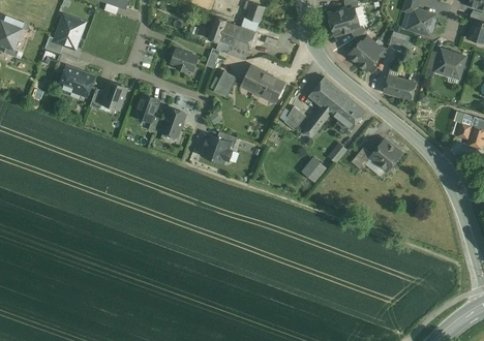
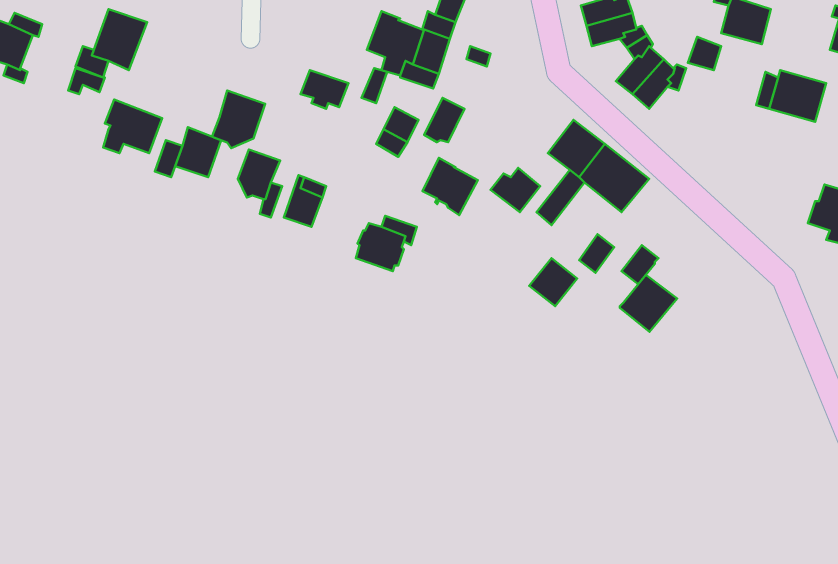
building: none -> [212,90,265,148]
building: [253,71,284,103] -> [422,158,478,215]
building: [382,74,415,100] -> none
building: [369,140,401,172] -> [620,275,677,332]

